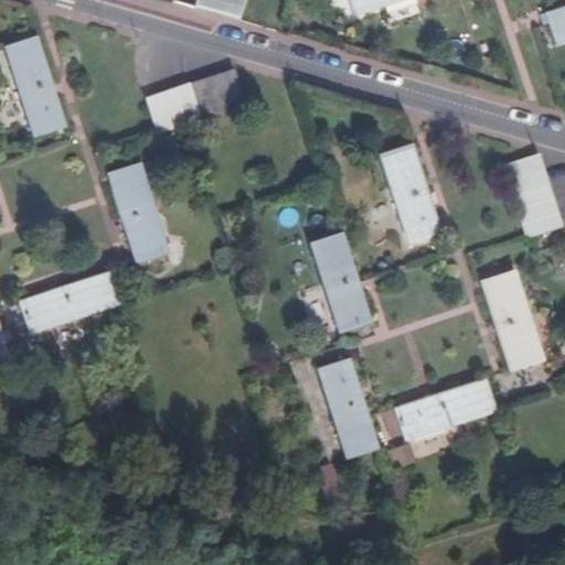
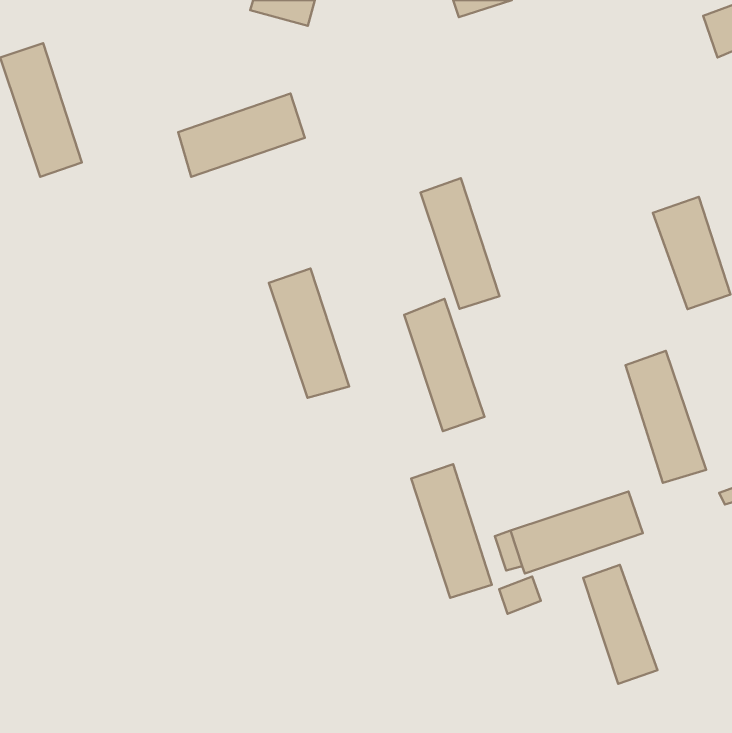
building: [381,142,441,243] -> [421,178,500,309]
building: [105,164,167,264] -> [269,269,349,398]
building: [15,270,118,334] -> none
building: none -> [583,565,658,684]

